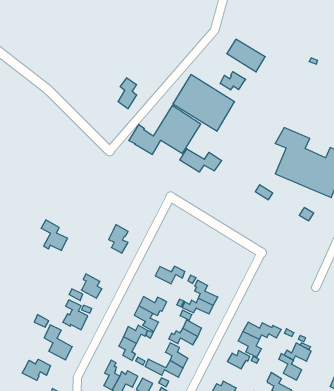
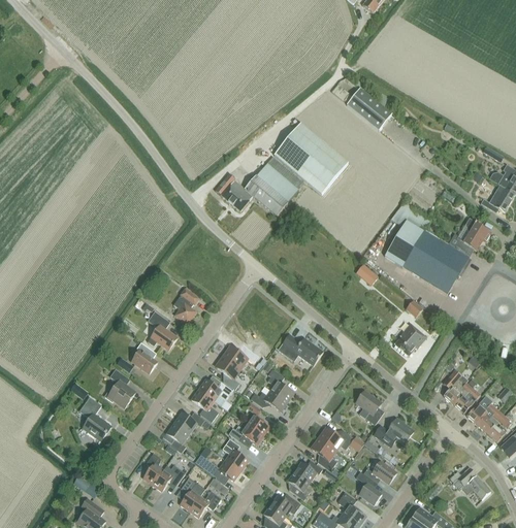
building: [220,72,246,90] -> none
building: [118,78,137,109] -> none
building: [180,149,222,172] -> none
building: [41,220,68,250] -> [148,310,178,350]
building: none -> [394,323,426,356]
building: none -> [278,334,323,365]
building: none -> [216,356,240,389]
building: none -> [356,390,384,424]
building: none -> [374,418,414,443]
building: [22,359,51,380] -> none
building: none -> [287,470,310,500]

